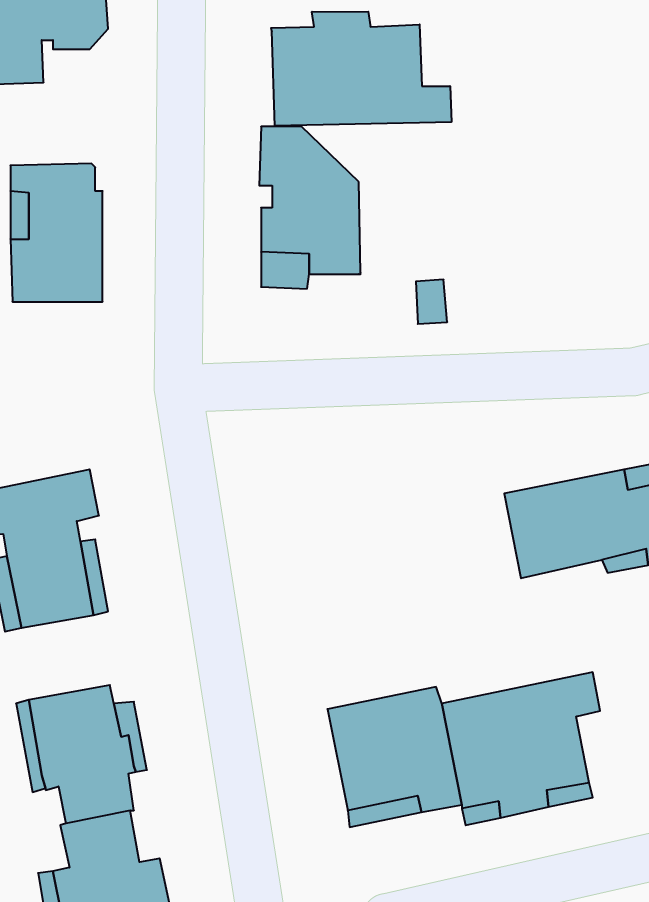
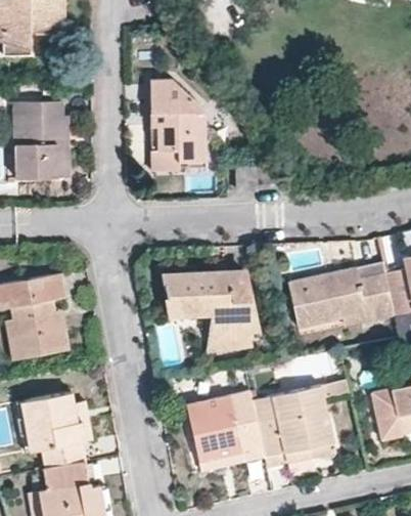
building: [271,12,451,126] -> none
building: none -> [166,269,259,352]

